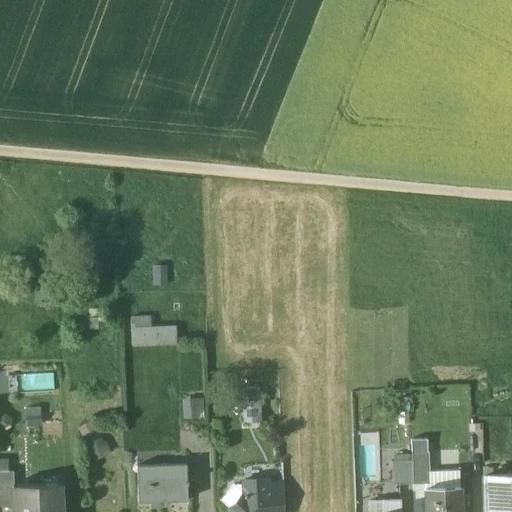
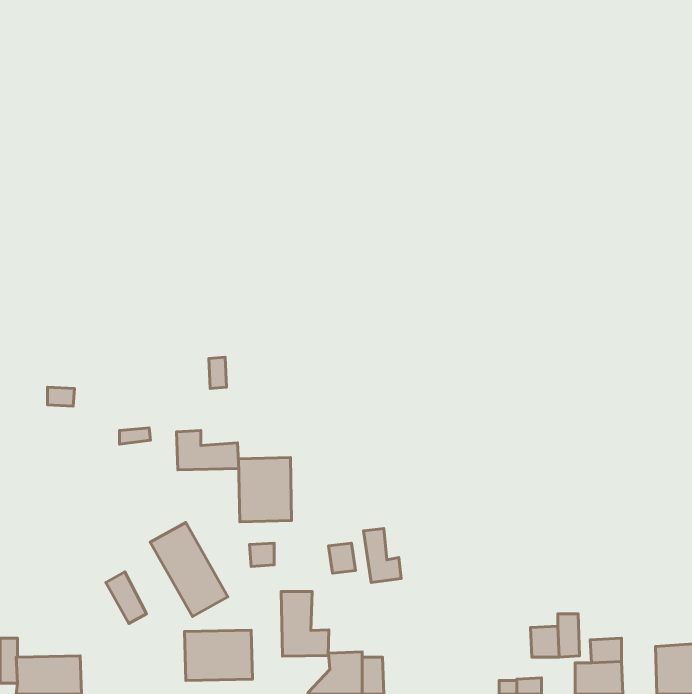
building: none -> [239,458,292,522]
building: none -> [150,522,228,617]
building: none -> [363,529,401,582]
building: none -> [281,591,329,656]

